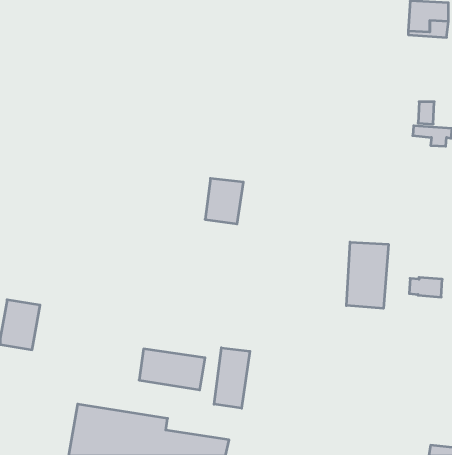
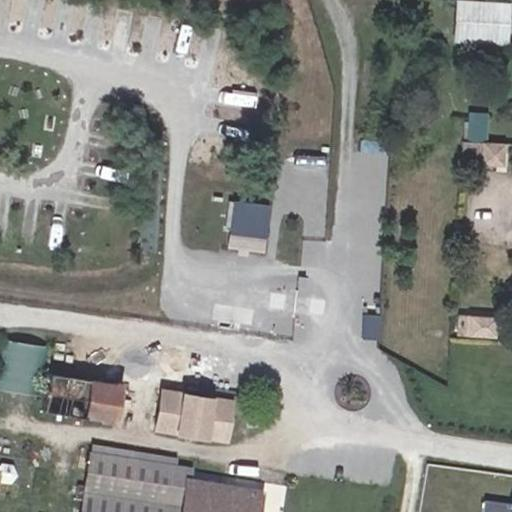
building: [346,242,388,308] -> none
building: none -> [46,373,121,421]
building: [214,348,250,408] -> none

